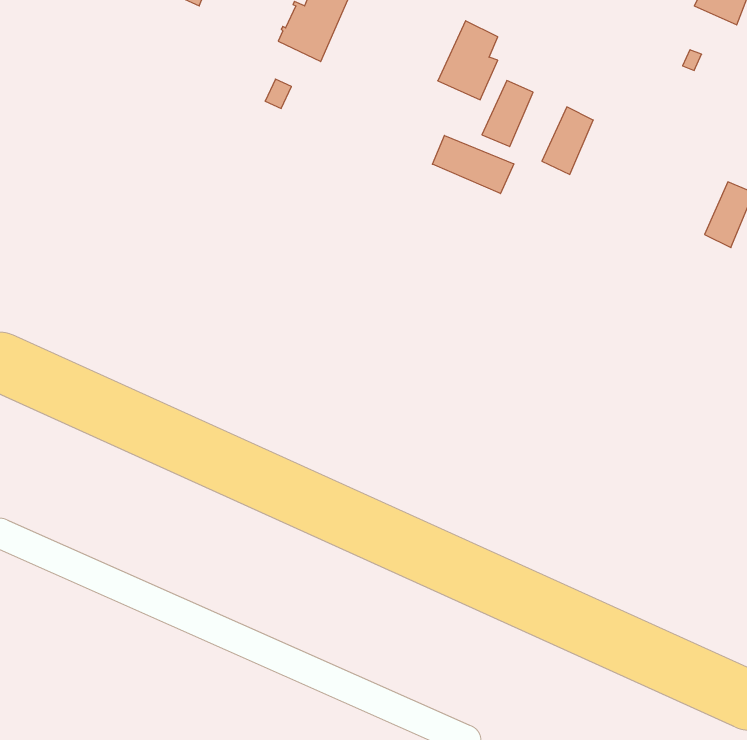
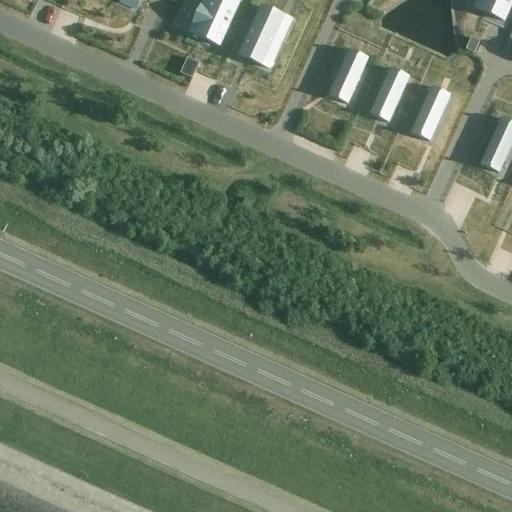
building: [438,21,498,100] -> [241,10,282,64]
building: none -> [412,92,447,137]
building: [432,135,514,194] -> none

